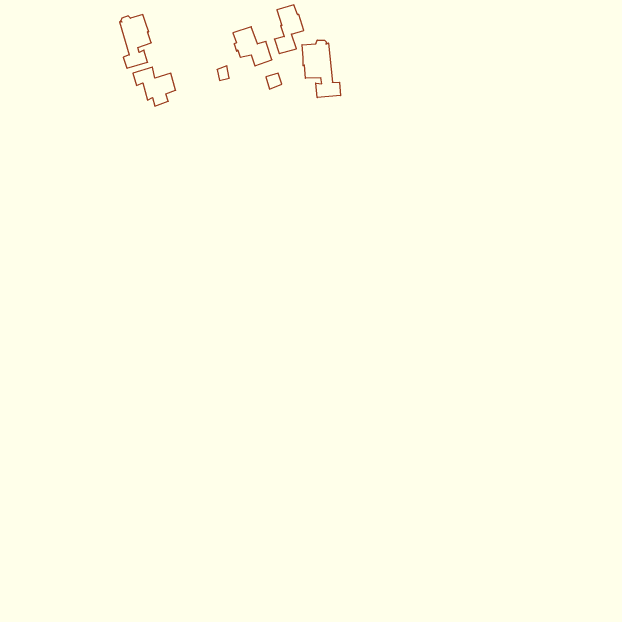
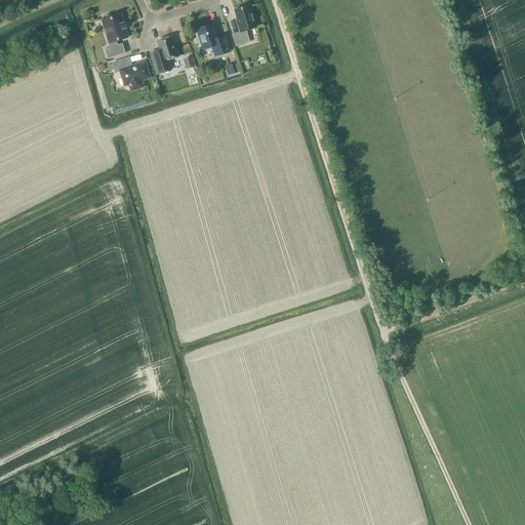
building: [302,40,341,98] -> none
building: none -> [149,36,177,74]

